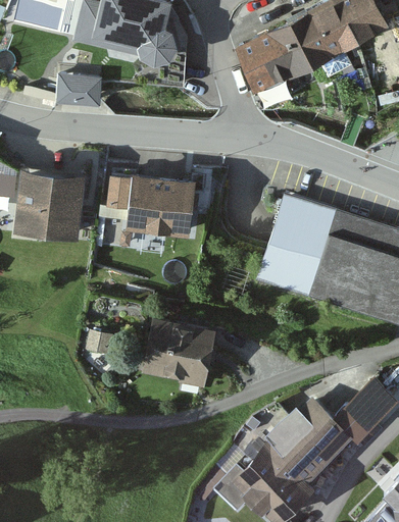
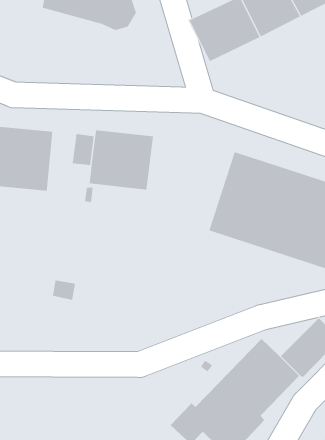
building: [56,72,101,102] -> none
building: [142,314,216,389] -> none

